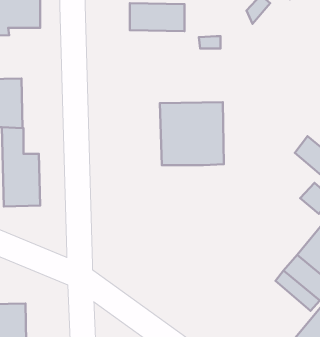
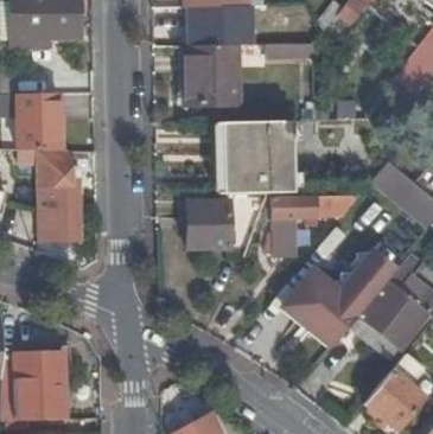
building: none -> [185,45,234,103]
building: none -> [268,196,355,254]
building: none -> [187,200,229,248]
building: none -> [286,255,393,346]

